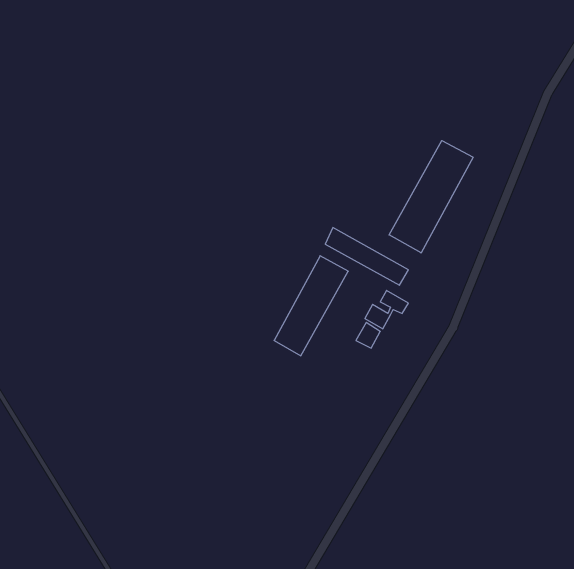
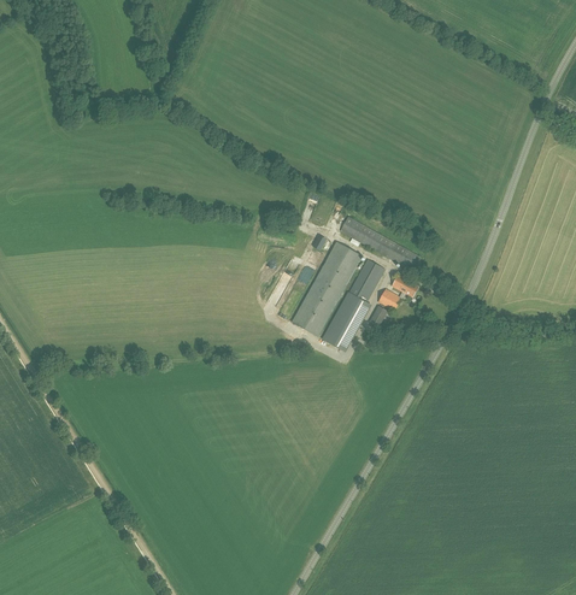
building: [389,141,473,253] -> none
building: none -> [323,259,384,349]

